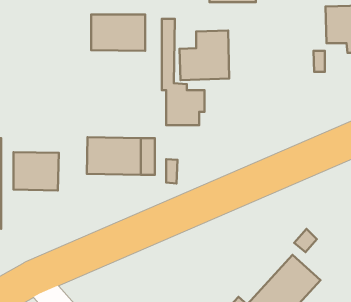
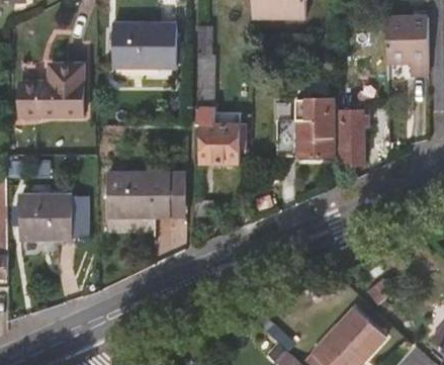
building: [179,31,229,80] -> [276,97,334,155]
building: none -> [22,63,85,113]
building: none -> [344,106,371,163]

